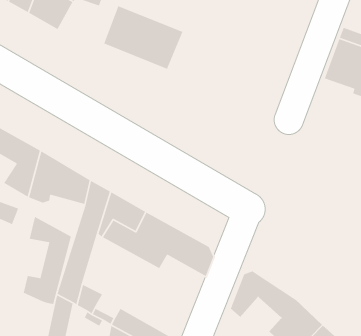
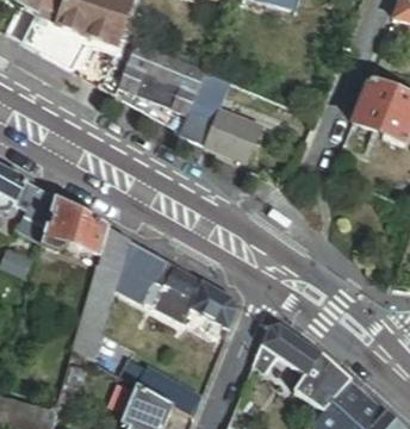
building: none -> [180,73,259,162]
building: [23,216,72,305] -> none

